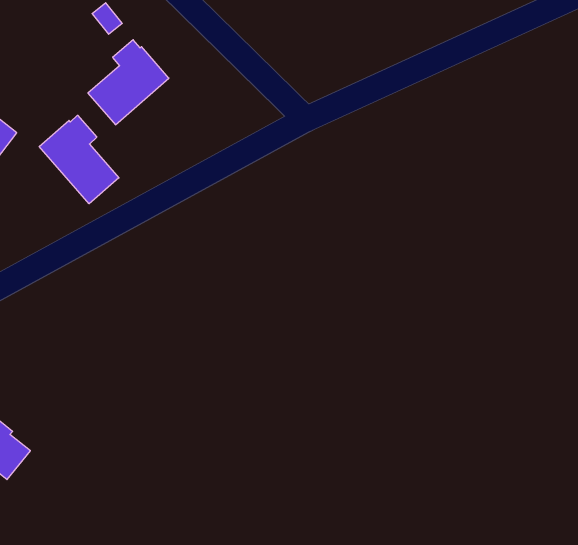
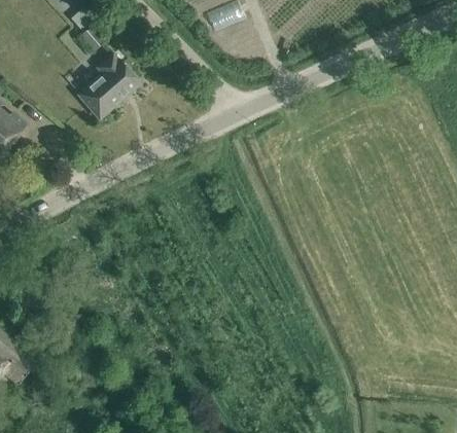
building: [39,115,119,204] -> none

